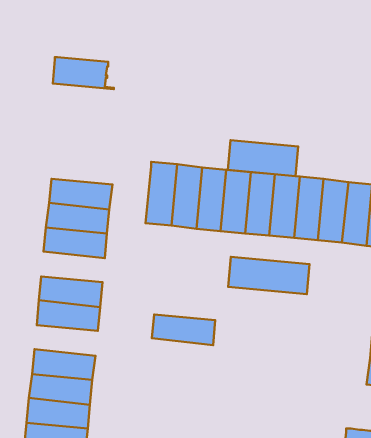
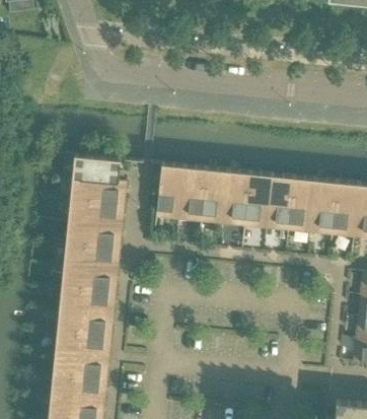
building: [53,57,114,89] -> [71,154,126,183]
building: [228,140,298,176] -> none
building: none -> [62,242,119,270]
building: [228,257,310,294] -> none
building: [152,314,215,345] -> [56,308,113,336]

